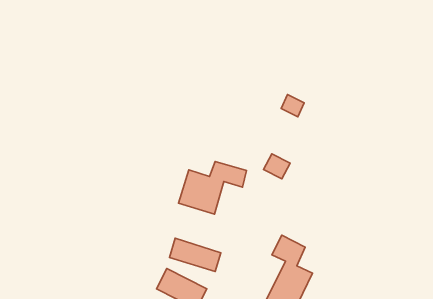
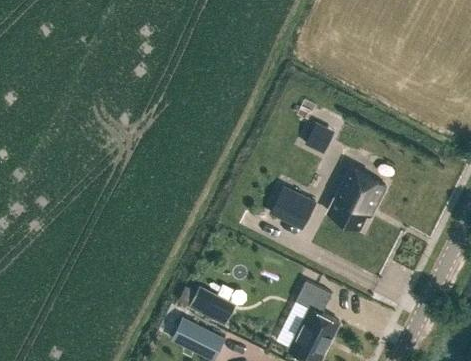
building: none -> [328,169,386,229]
building: [178,161,247,214] -> none

